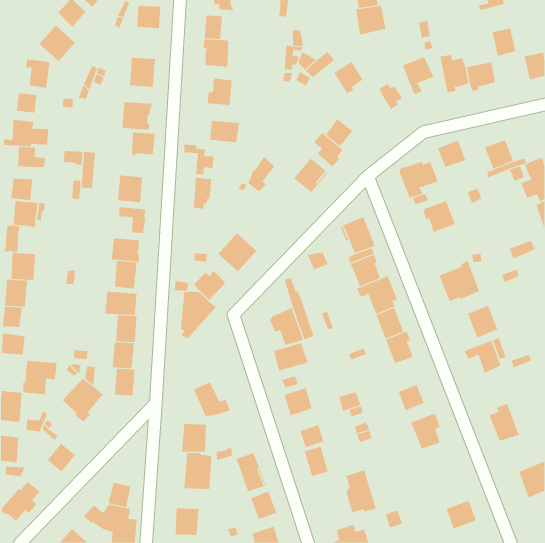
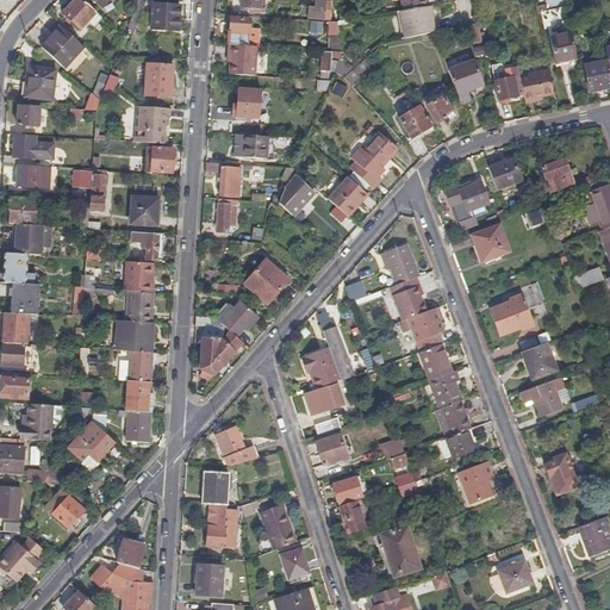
building: [334,61,363,94] -> [399,104,432,141]
building: none -> [441,399,471,435]

